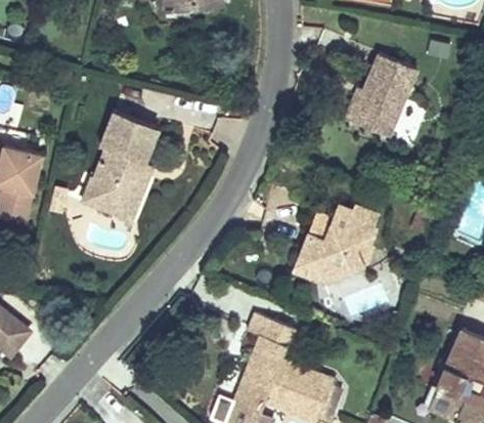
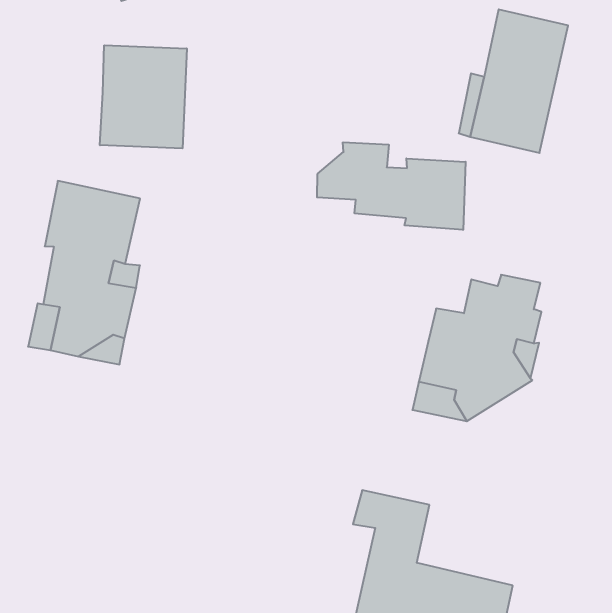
building: none -> [100,45,187,148]
building: none -> [317,142,466,230]

